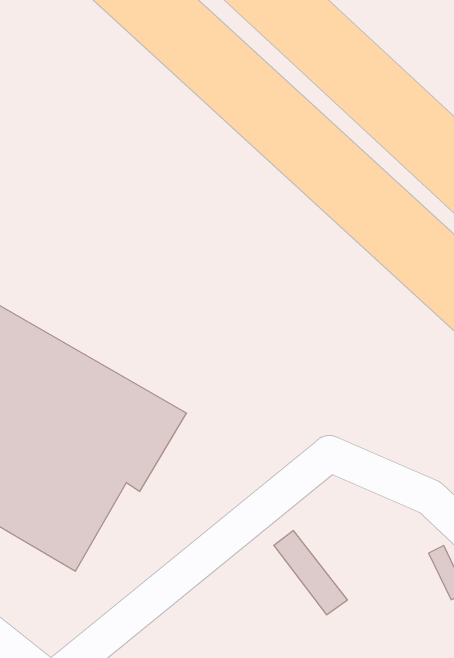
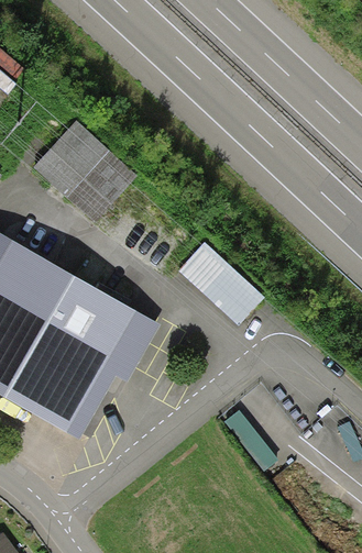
building: none -> [33,121,135,221]
building: none -> [178,241,264,324]

